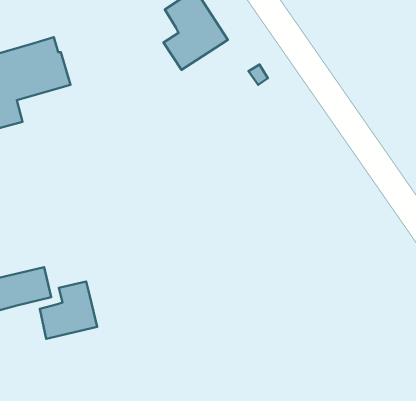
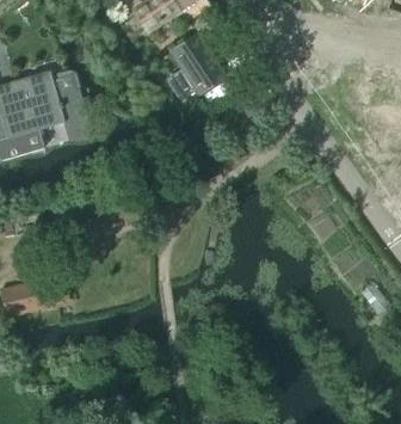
building: [40,281,97,339] -> none

